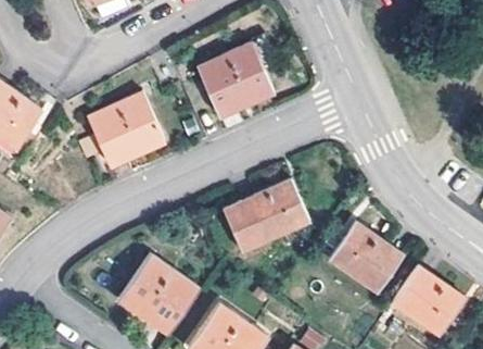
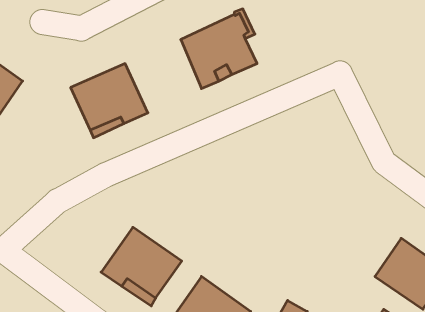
building: [224,179,310,252] -> none
building: [331,223,404,292] -> none

